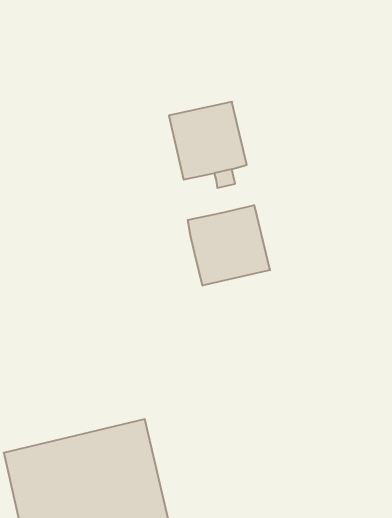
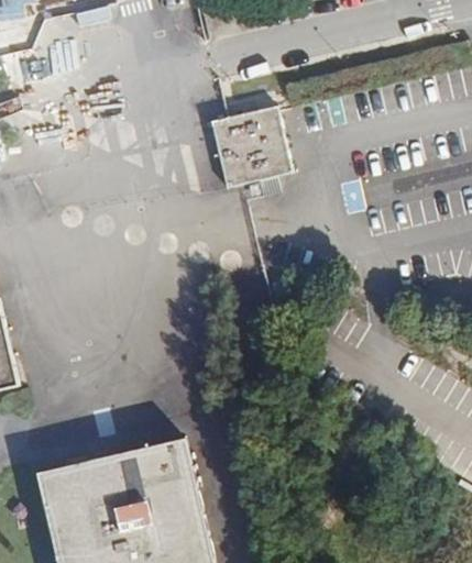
building: [188,205,270,286] -> none

